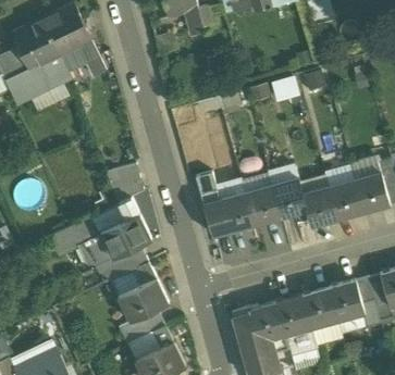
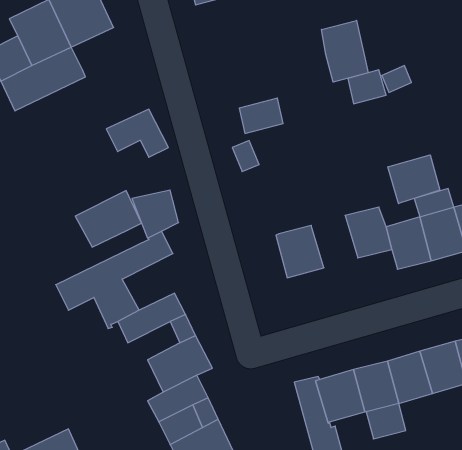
building: none -> [322,20,368,82]
building: [60,40,108,77] -> [106,109,168,157]
building: none -> [388,155,440,204]
building: [196,174,226,237] -> none
building: [245,185,281,225] -> none
building: [99,214,150,258] -> [75,191,142,247]

